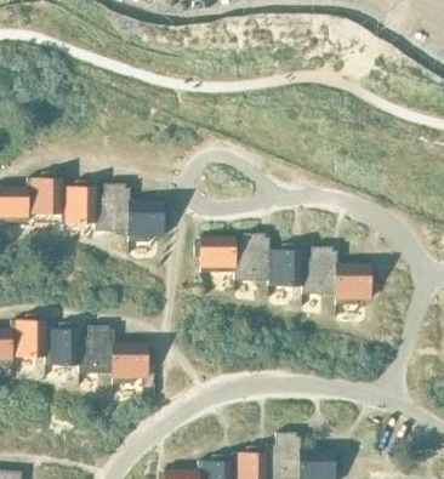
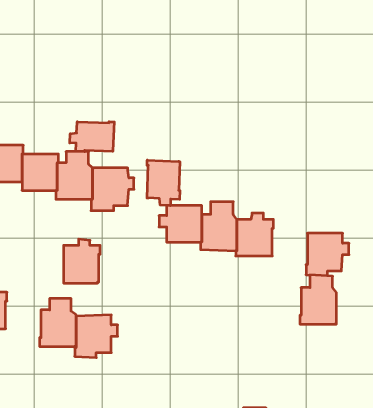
building: none -> [70,122,114,152]
building: none -> [147,160,180,206]
building: [302,246,337,293] -> [300,275,336,324]
building: [46,323,81,365] -> [64,239,100,283]

